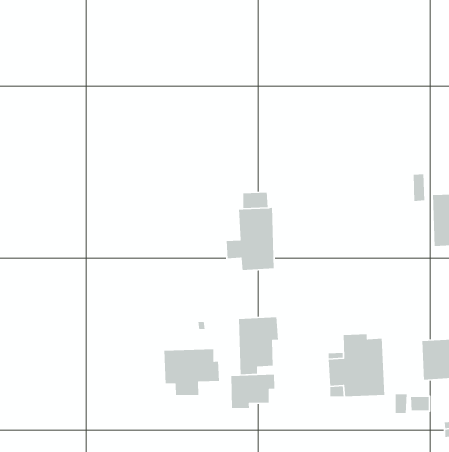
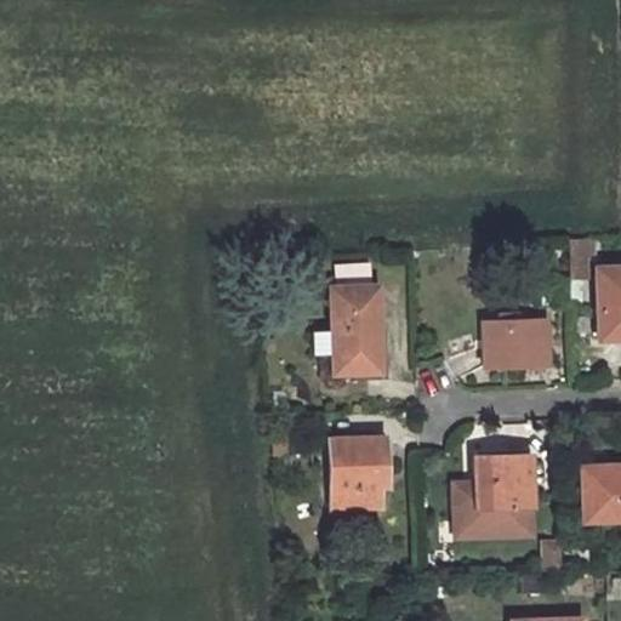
building: none -> [484,319,549,366]
building: [164,349,220,396] -> none
building: [231,374,275,409] -> none

